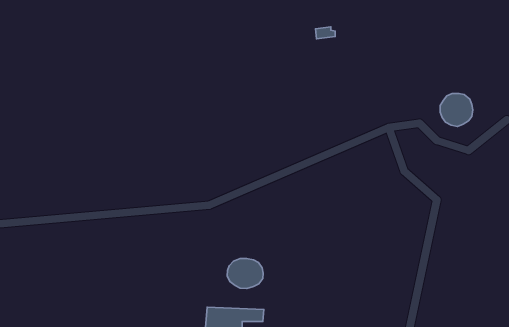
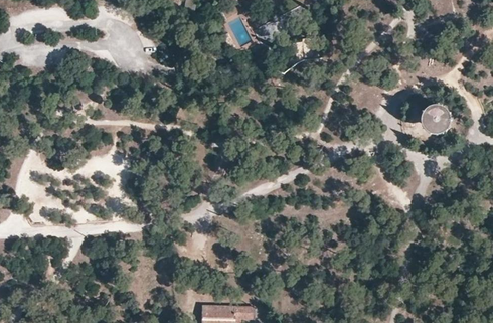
building: [227,258,263,288] -> none

